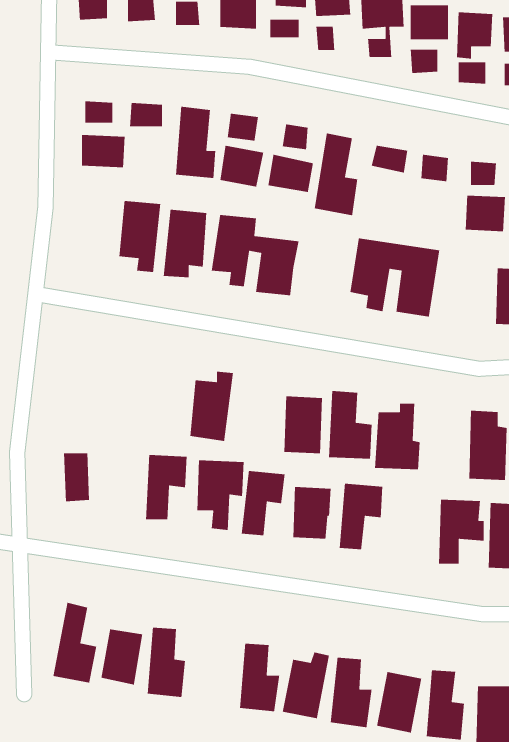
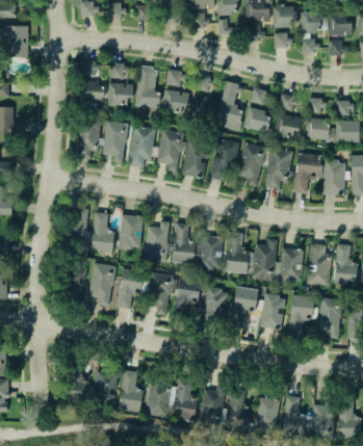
building: none -> [108,82,133,105]
building: none -> [244,108,271,132]
building: none -> [275,113,301,136]
building: none -> [76,120,102,158]
building: none -> [210,138,238,180]
building: none -> [294,153,322,192]
building: none -> [73,209,114,254]
building: none -> [119,213,144,250]
building: none -> [173,222,195,263]
building: none -> [281,247,303,282]
building: none -> [89,263,114,305]
building: none -> [260,293,286,327]
building: none -> [146,377,173,417]

